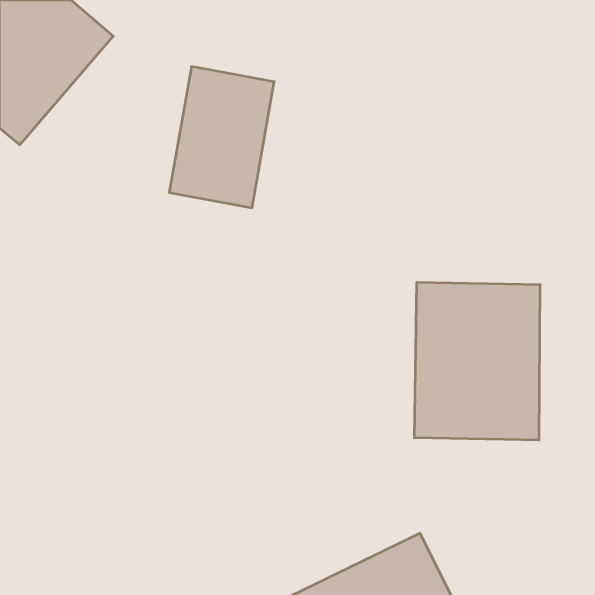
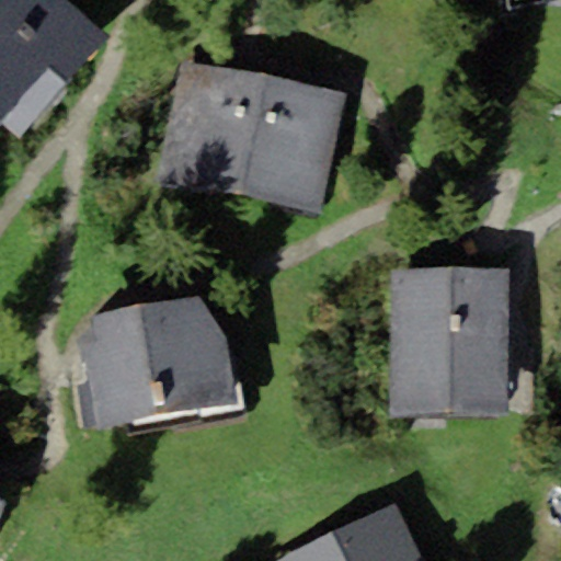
building: none -> [237,78,344,211]
building: none -> [83,295,233,428]

